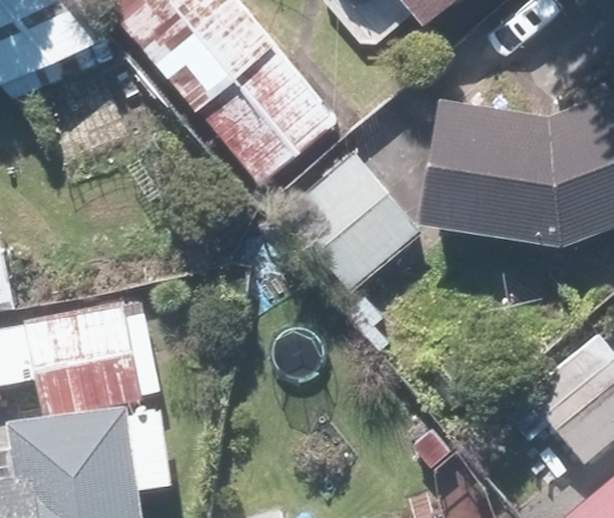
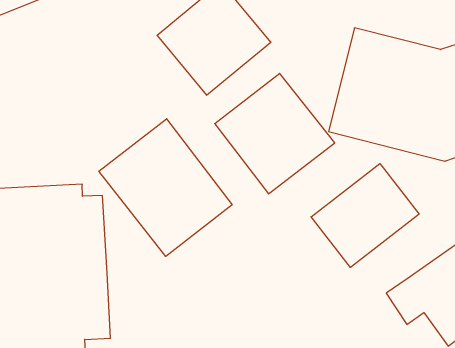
building: none -> [99,119,232,256]
building: none -> [311,164,419,267]

